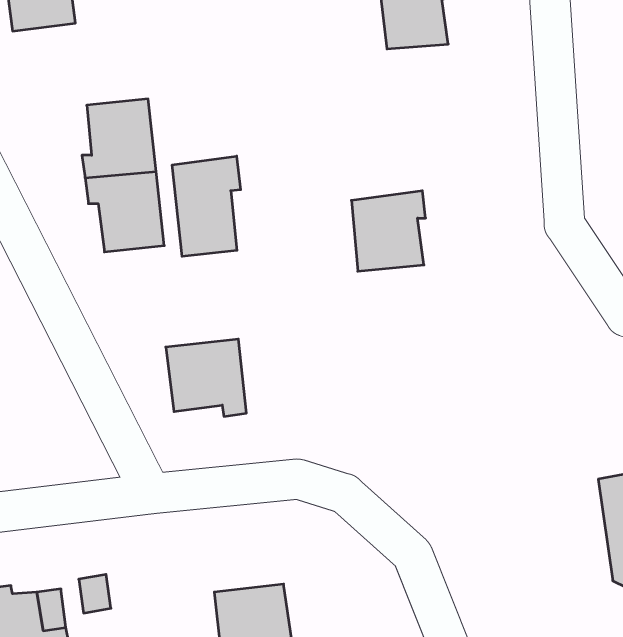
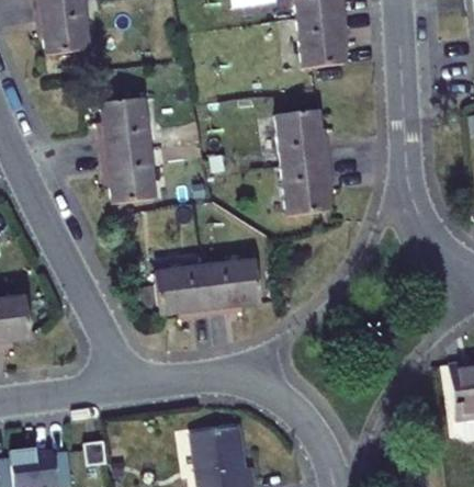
building: none -> [275,116,329,171]
building: [172,156,241,256] -> none
building: none -> [204,260,259,316]

